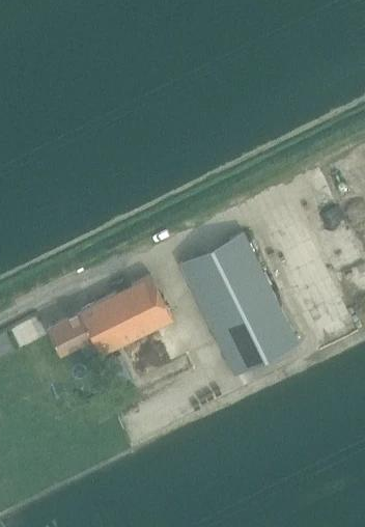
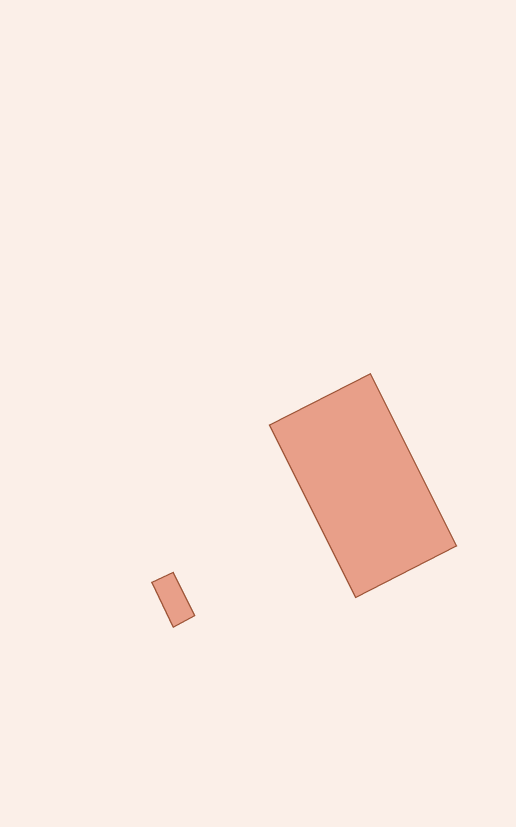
building: [49,277,173,356] -> none

